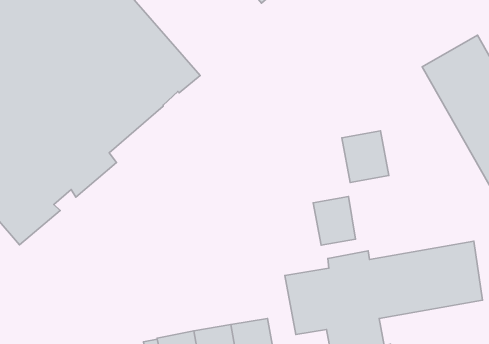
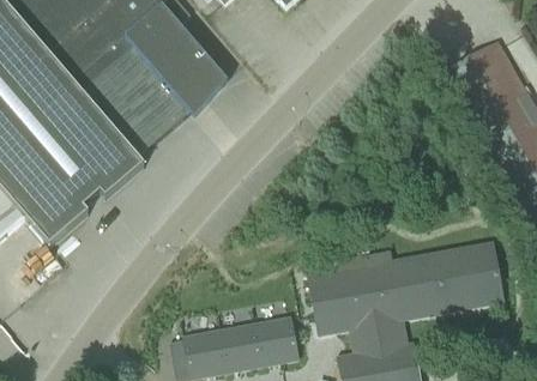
building: [342,131,389,183] -> none
building: [313,196,356,245] -> none

